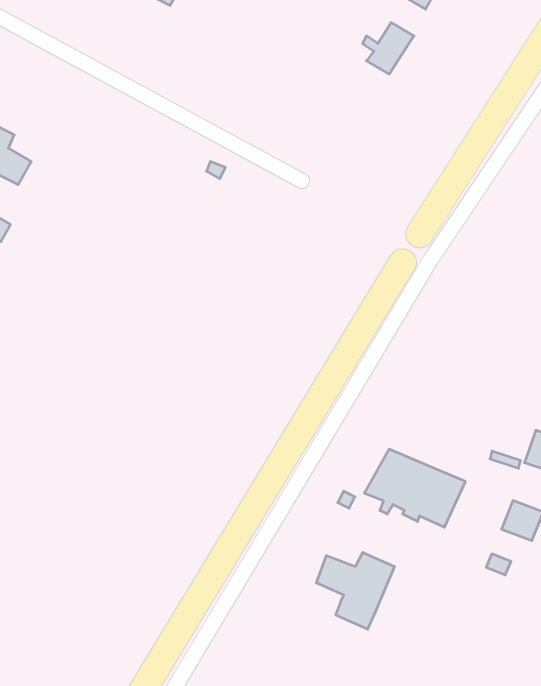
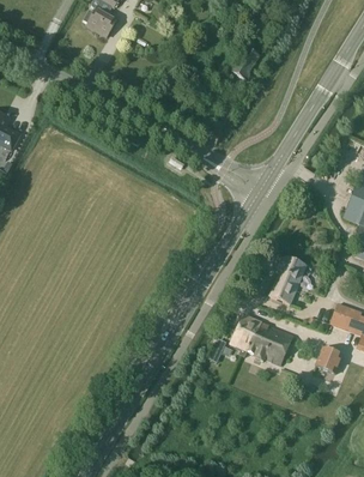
building: none -> [271,256,307,303]
building: [316,552,395,629] -> none

